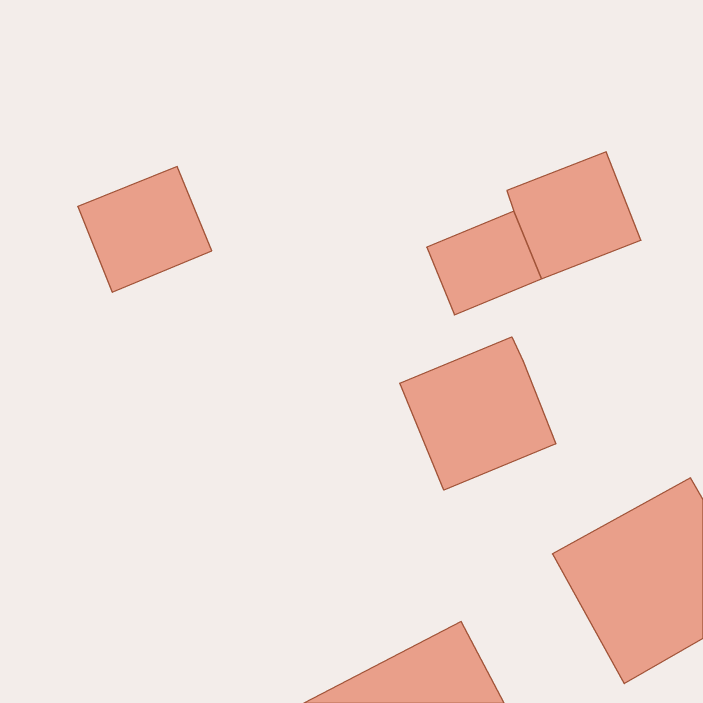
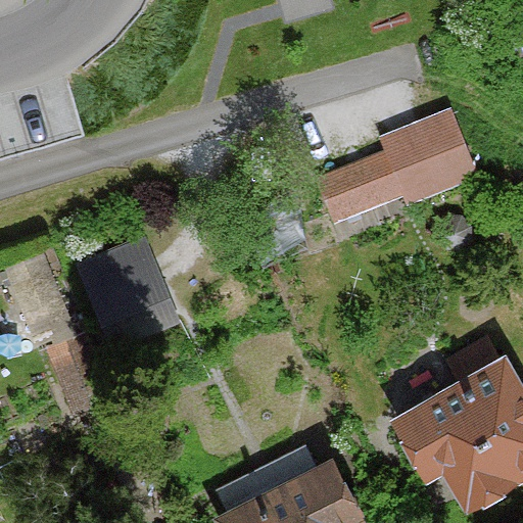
building: [78,167,212,292] -> [67,239,167,332]
building: [400,337,556,490] -> none

